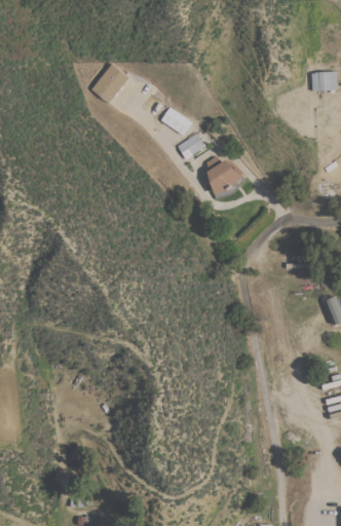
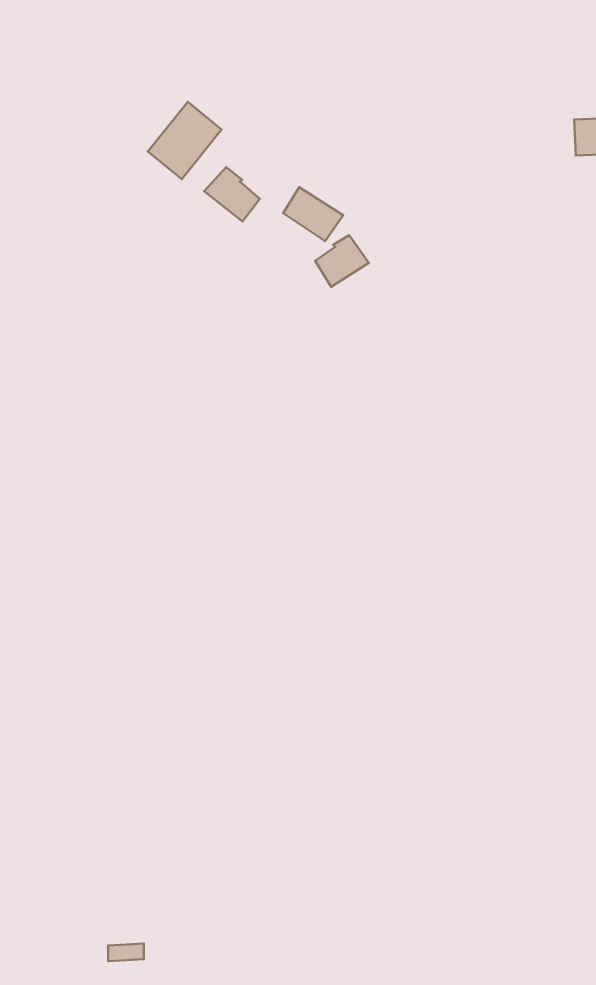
building: none -> [204,167,260,222]
building: [206,156,242,195] -> none

